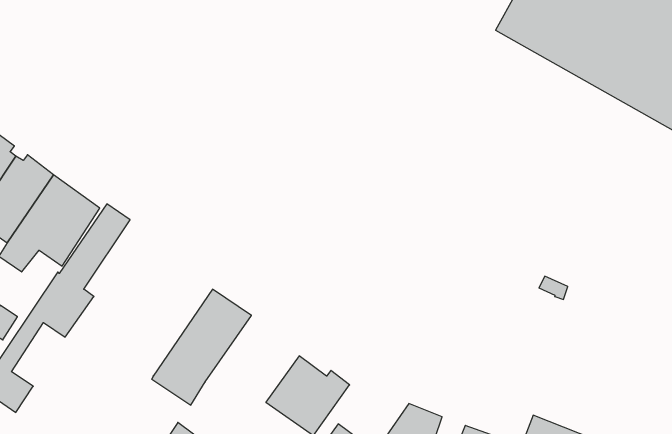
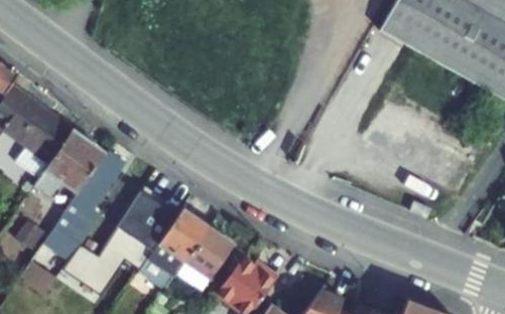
building: none -> [62,185,182,297]
building: none -> [177,228,233,290]

